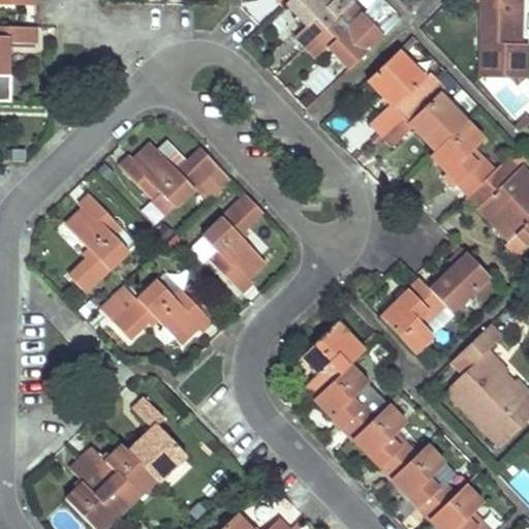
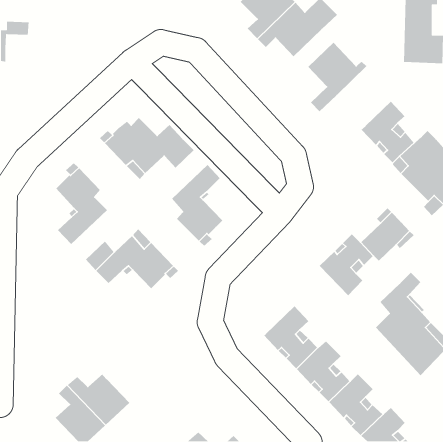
building: [381,79,466,150] -> none
building: [303,322,365,398] -> none
building: [128,397,186,480] -> none

